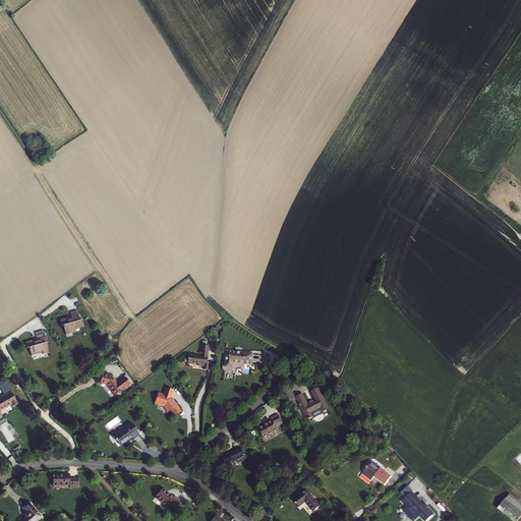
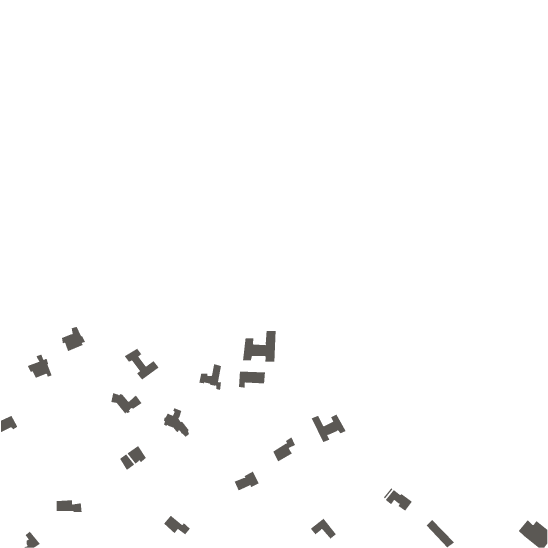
building: none -> [243,330,276,363]
building: none -> [124,348,159,381]

